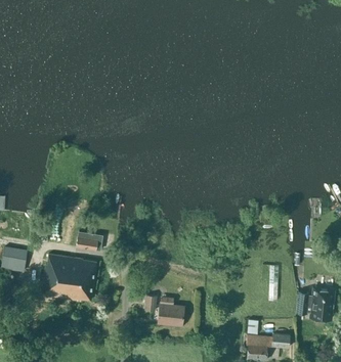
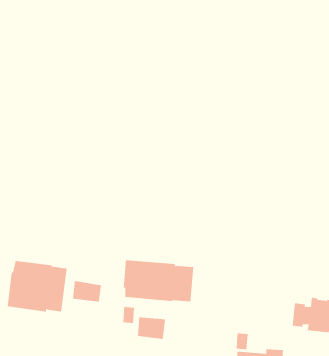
building: [76,231,102,251] -> [72,281,102,302]
building: none -> [123,260,194,302]

